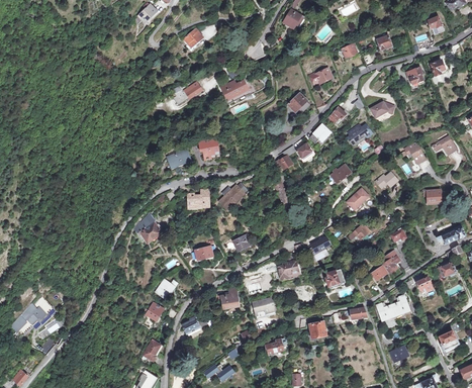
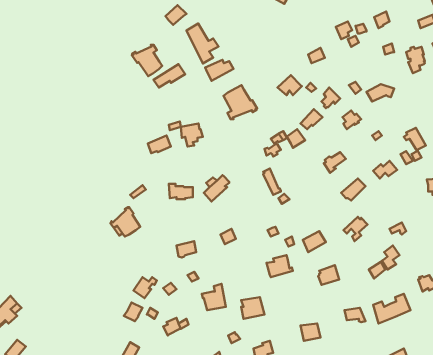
building: none -> [186,24,219,63]
building: none -> [132,45,162,76]
building: none -> [223,85,257,119]

